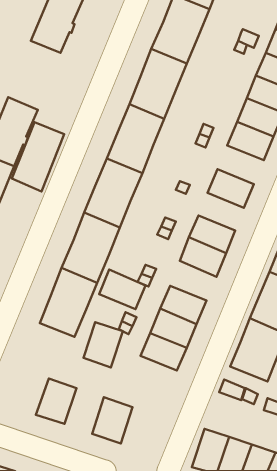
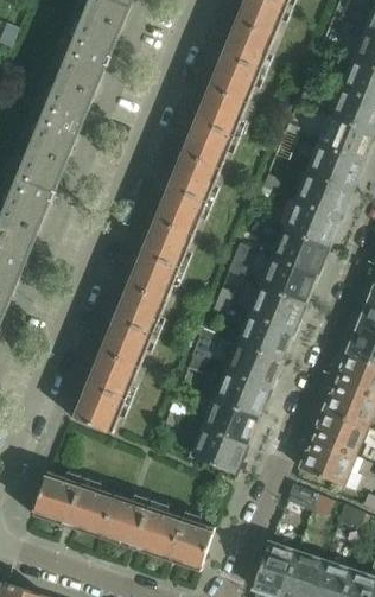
building: [12,122,64,191] -> [31,76,94,159]
building: none -> [282,202,338,248]
building: none -> [260,259,314,304]
building: [99,270,145,309] -> [225,341,281,388]
building: [83,322,123,368] -> [98,494,146,548]
building: none -> [32,471,80,526]
building: none -> [166,516,212,571]

